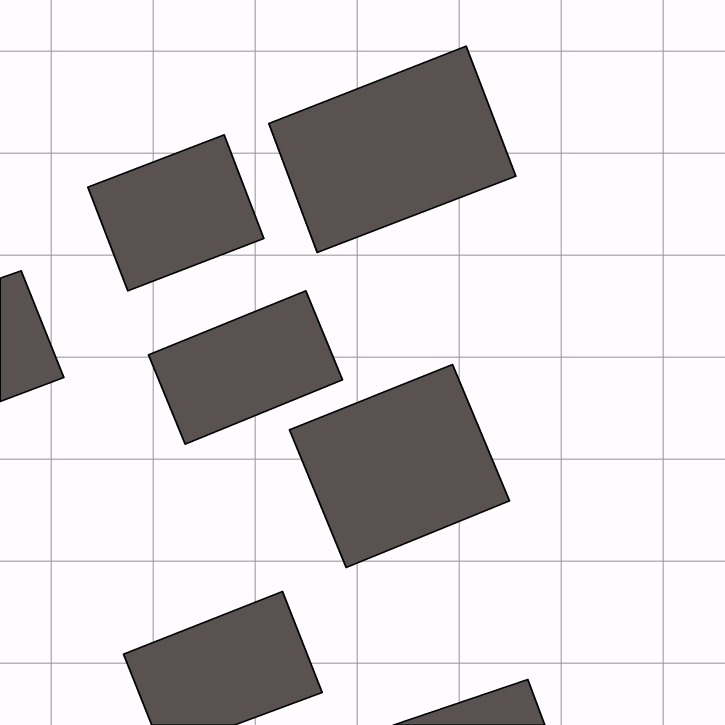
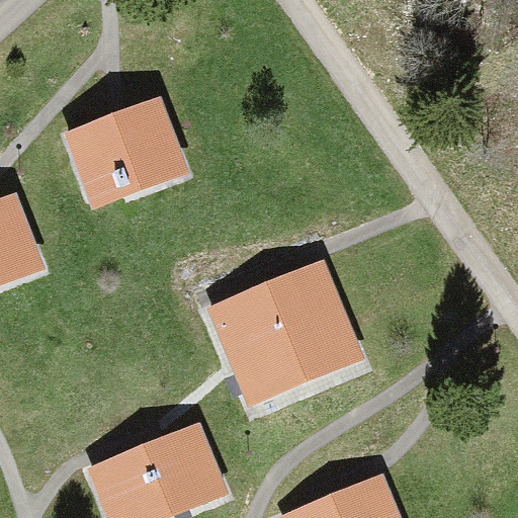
building: [269,46,516,253] -> none
building: [149,291,342,444] -> none

